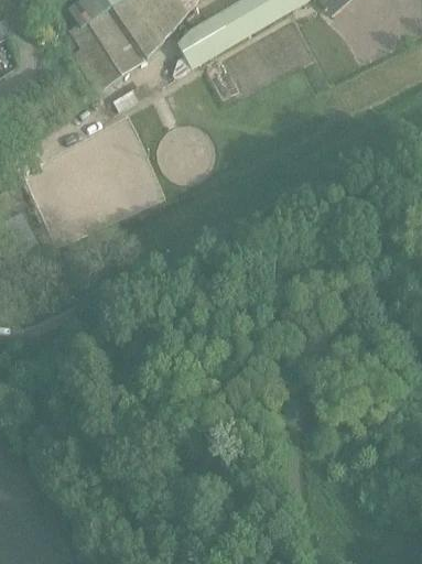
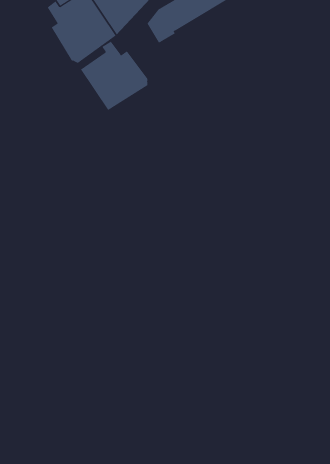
building: none -> [80,41,148,111]

